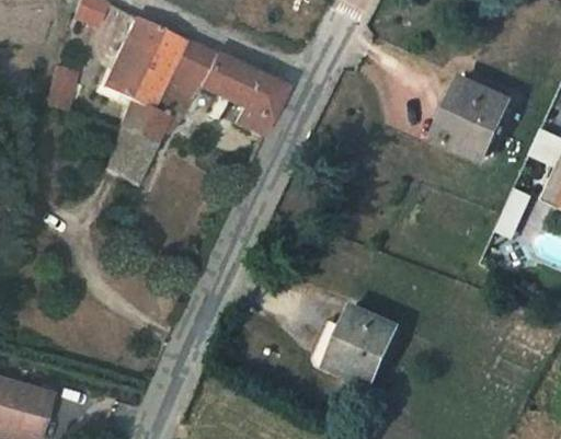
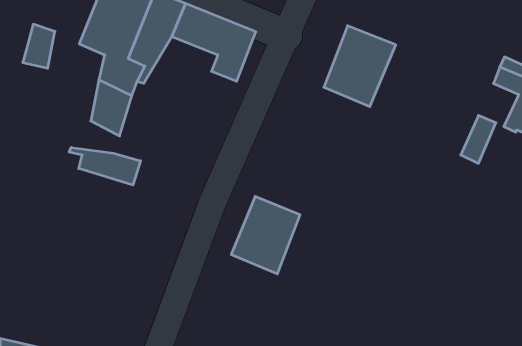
building: [436,78,513,162] -> [324,26,396,107]
building: none -> [69,147,141,185]
building: [324,301,398,382] -> [231,196,300,274]

